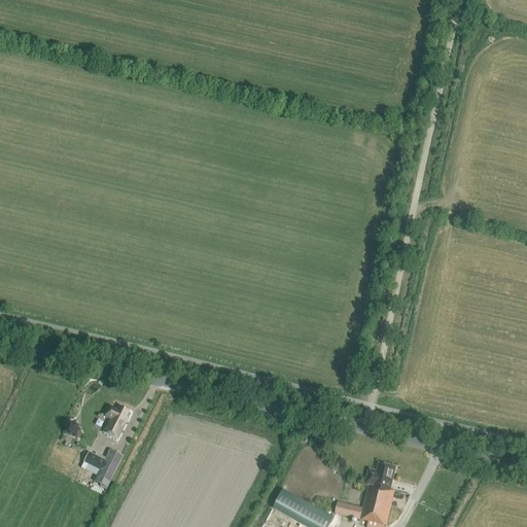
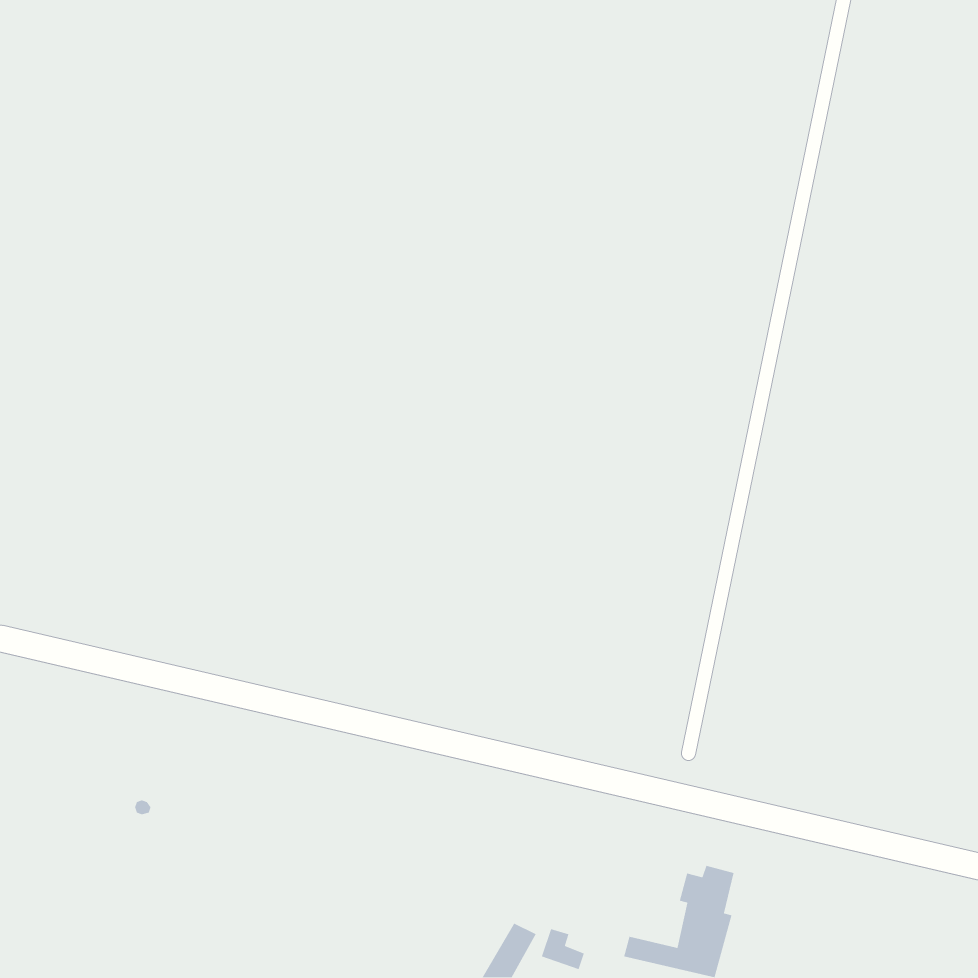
building: [104,406,129,438] -> none
building: [82,449,124,488] -> none

